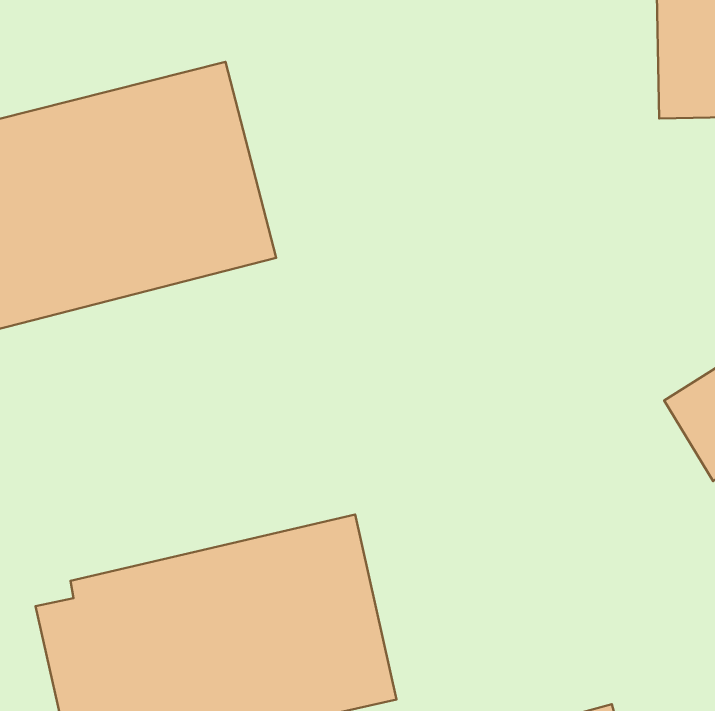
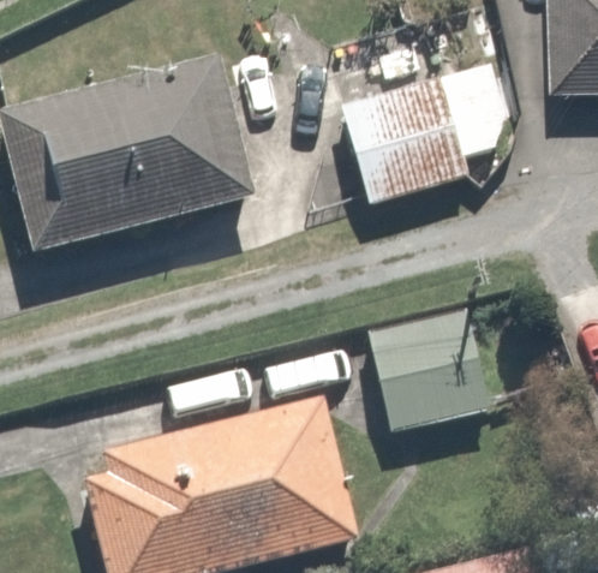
building: none -> [336,56,512,208]
building: none -> [355,304,510,429]

